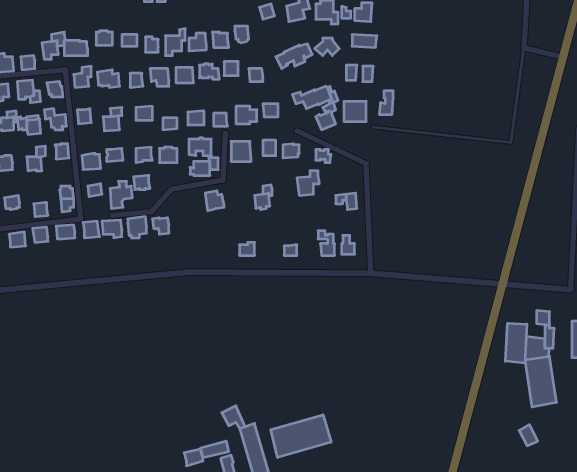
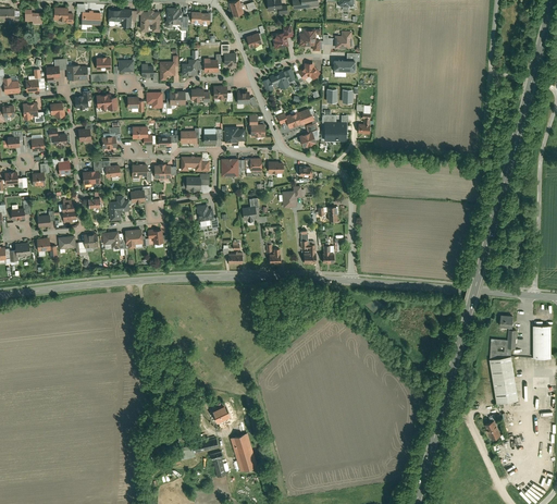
building: [505,323,527,363] -> none
building: [271,415,331,458] -> none

